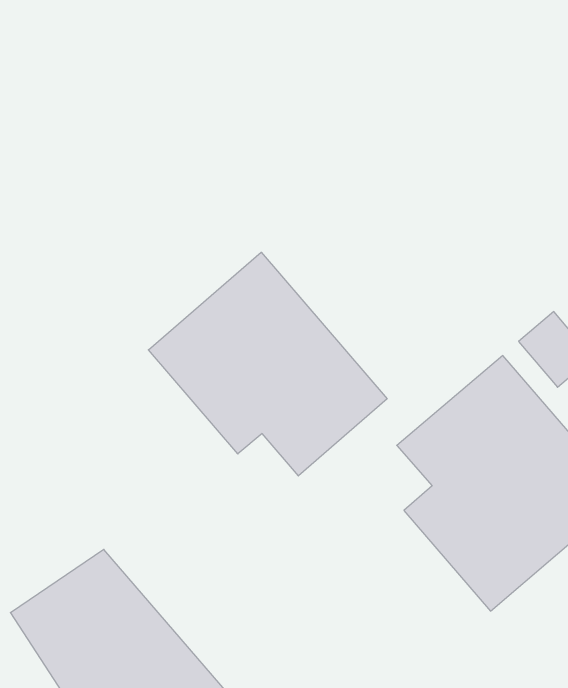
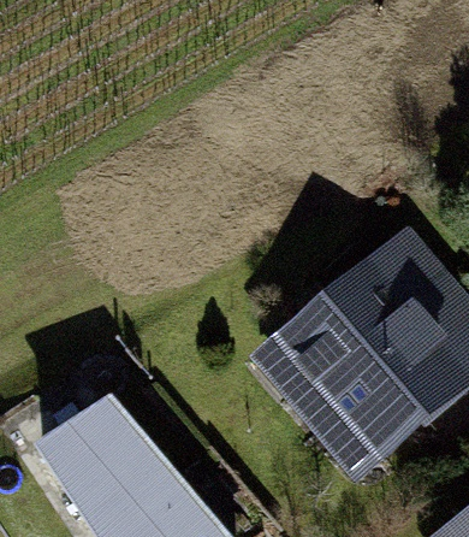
building: [148,252,387,476] -> none

